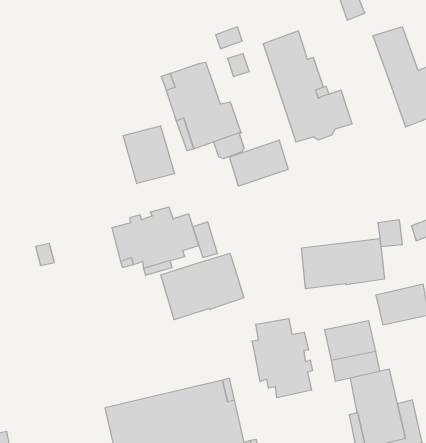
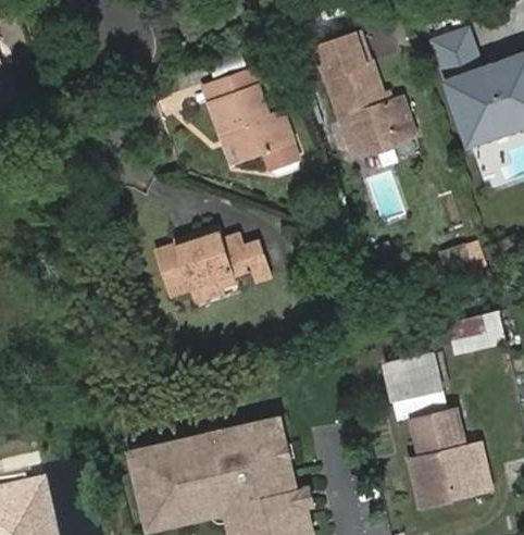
building: [123,126,174,184] -> none
building: [230,140,288,186] -> none
building: [302,239,385,289] -> none
building: [161,253,244,320] -> none
building: [252,318,312,398] -> none

